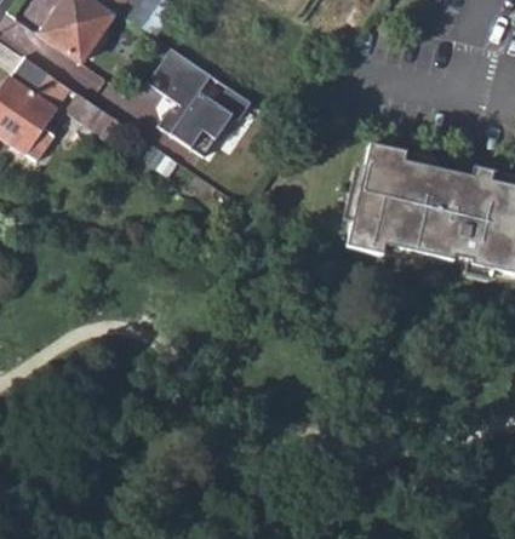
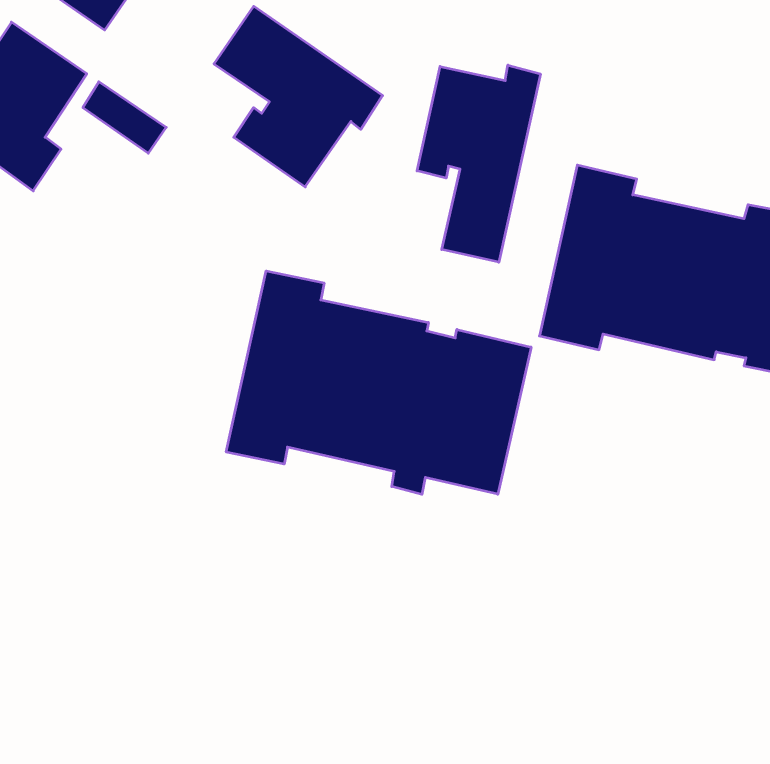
building: none -> [417,65,540,262]
building: none -> [226,271,531,494]

